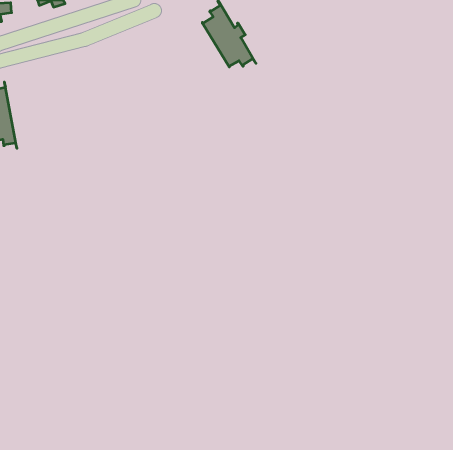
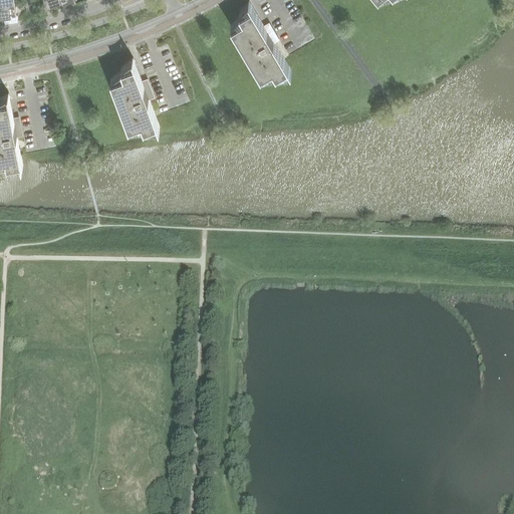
building: none -> [107,64,157,135]

